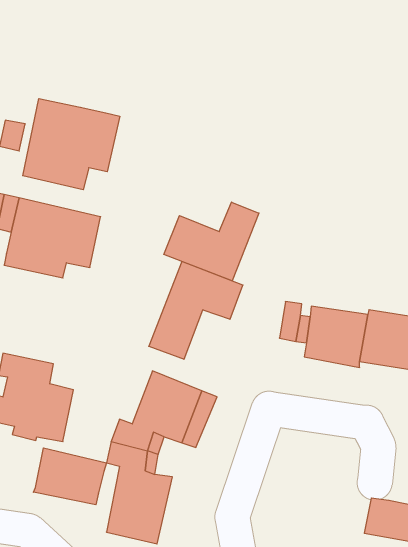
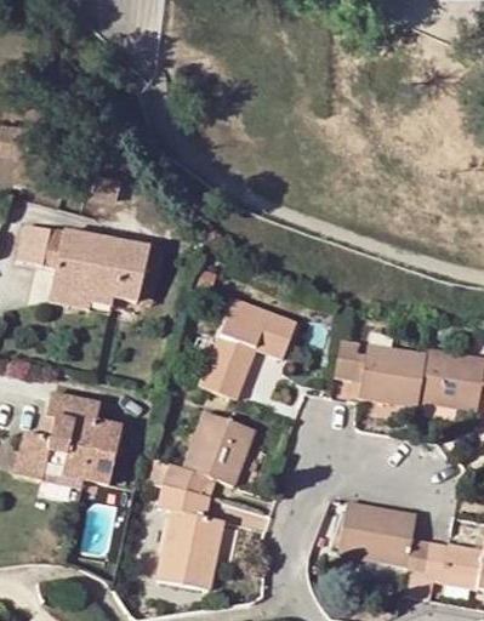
building: [23,99,120,190] -> none
building: [164,202,259,281] -> none
building: [33,448,106,505] -> none
building: none -> [337,501,428,577]

